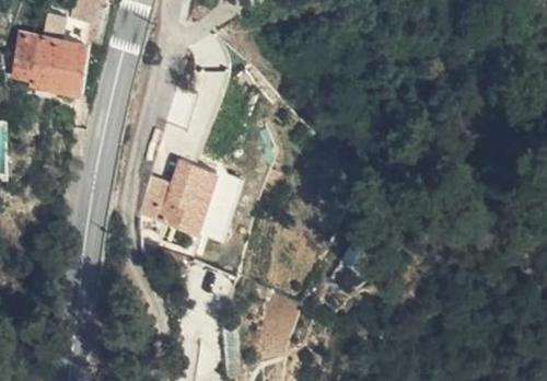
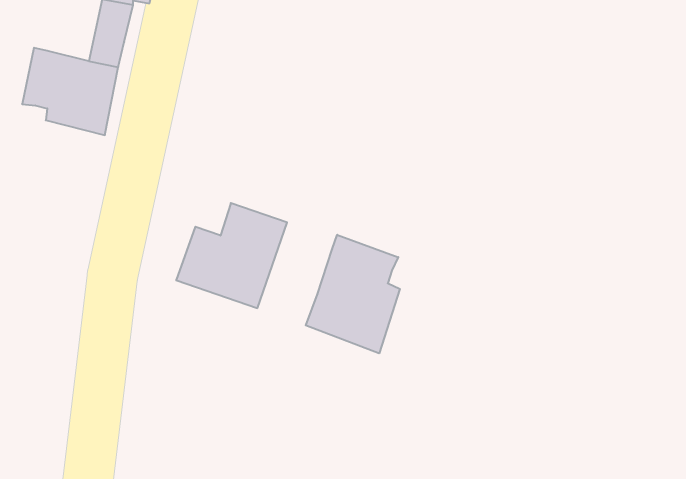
building: none -> [306,235,400,353]

